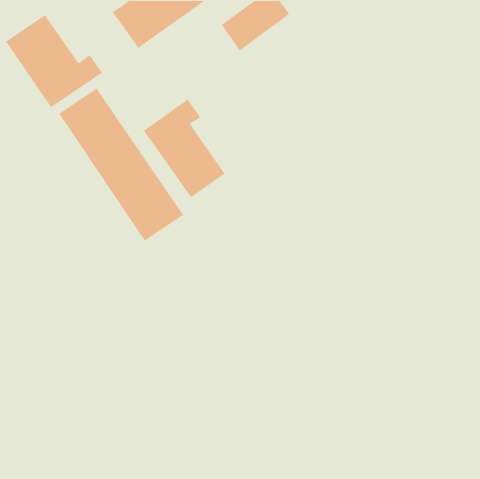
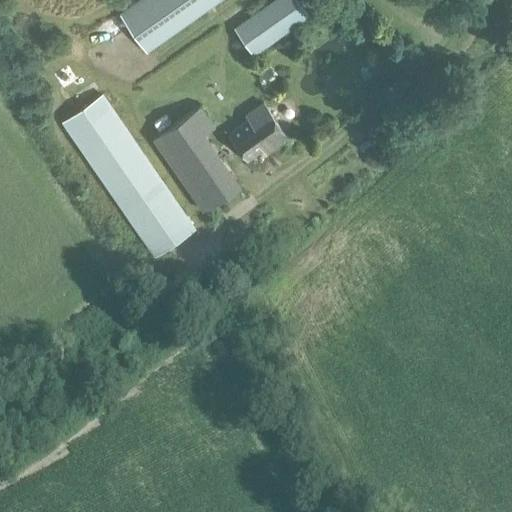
building: [5,14,103,108] -> none
building: none -> [230,103,288,161]

